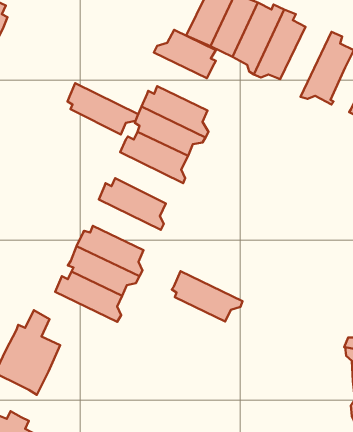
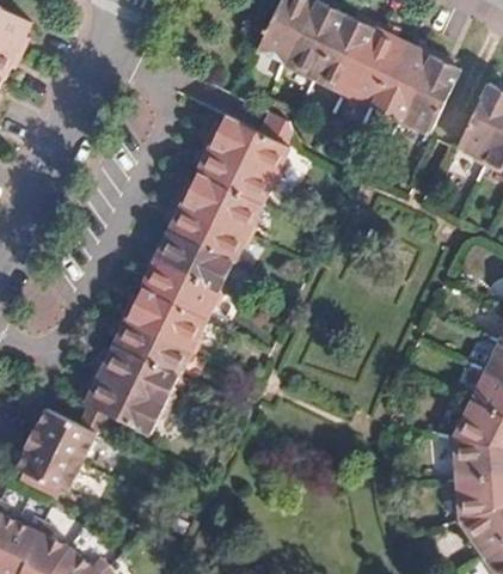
building: none -> [368,43,431,129]
building: [154,30,216,78] -> none
building: [68,83,138,134] -> [161,197,249,261]
building: [172,271,243,322] -> [134,256,221,318]
building: none -> [80,370,167,433]

